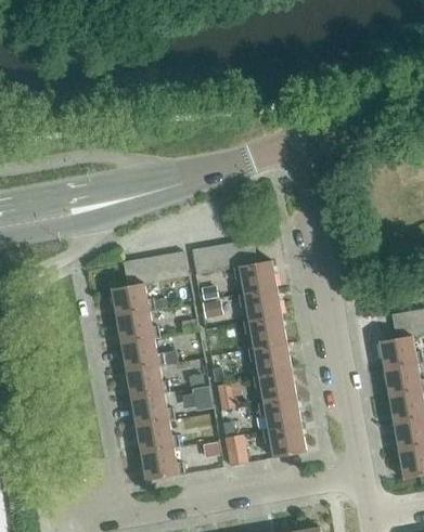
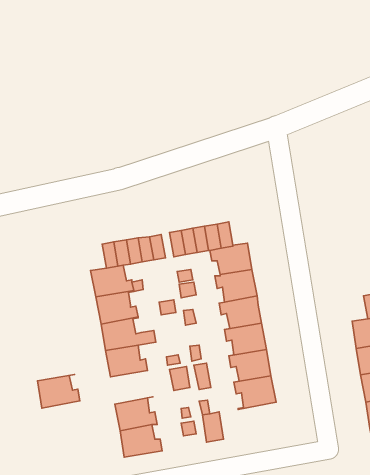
building: [131,391,175,426] -> [38,375,80,408]
building: [262,424,306,457] -> none

